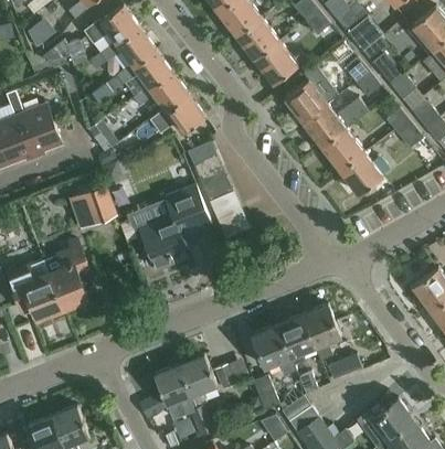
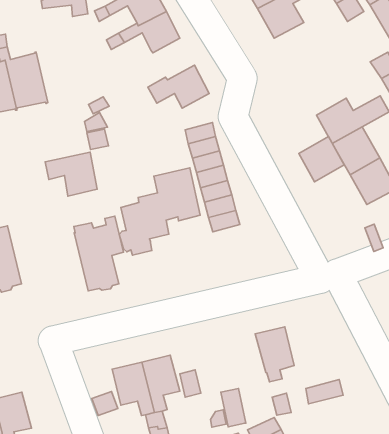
building: [255,42,297,84] -> none
building: [133,72,188,110] -> none
building: [285,81,327,122] -> [299,137,344,182]
building: [41,240,88,310] -> [74,216,123,291]
building: [301,304,340,359] -> none
building: [251,324,296,375] -> none

